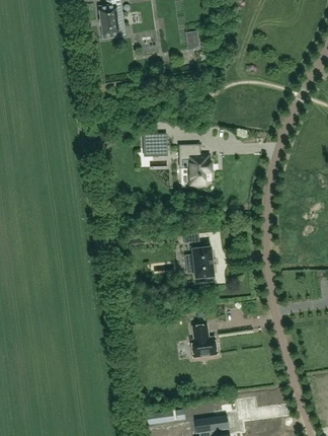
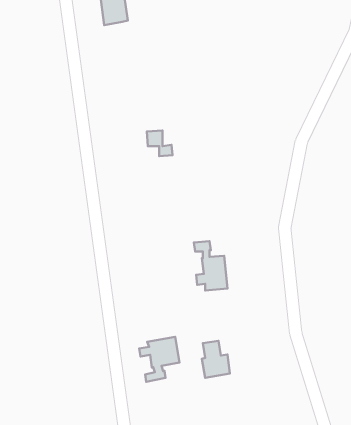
building: [178,145,211,187] -> none
building: none -> [139,337,180,382]

